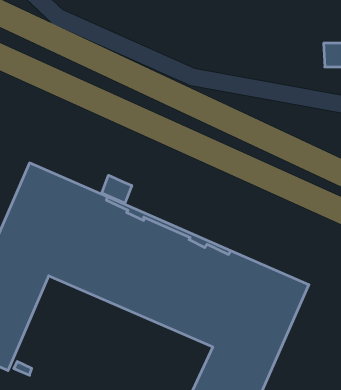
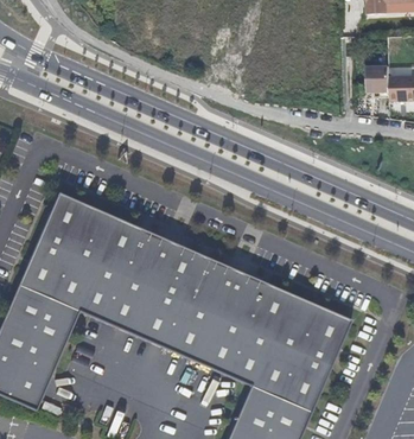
building: [102,175,132,203] -> none

